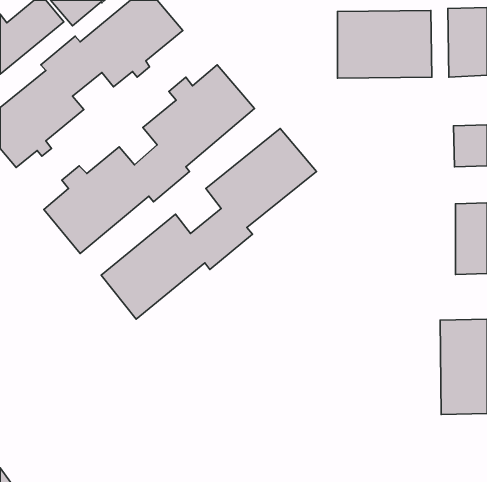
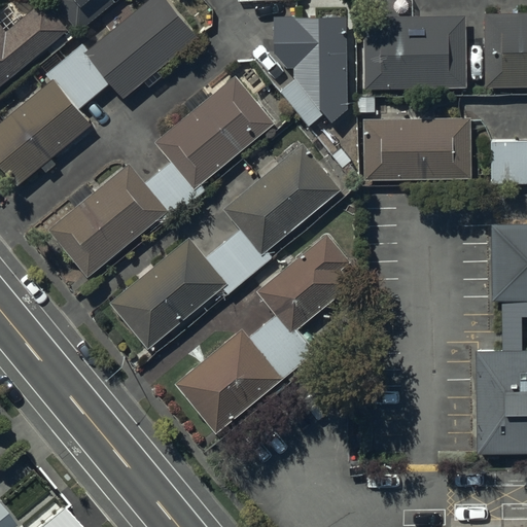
building: none -> [273,16,347,127]
building: none -> [363,118,471,181]
building: none -> [174,235,352,433]

